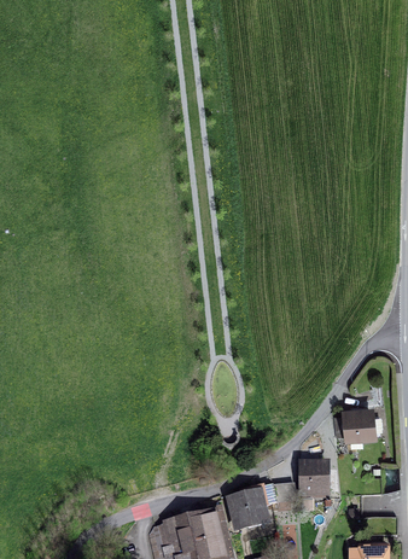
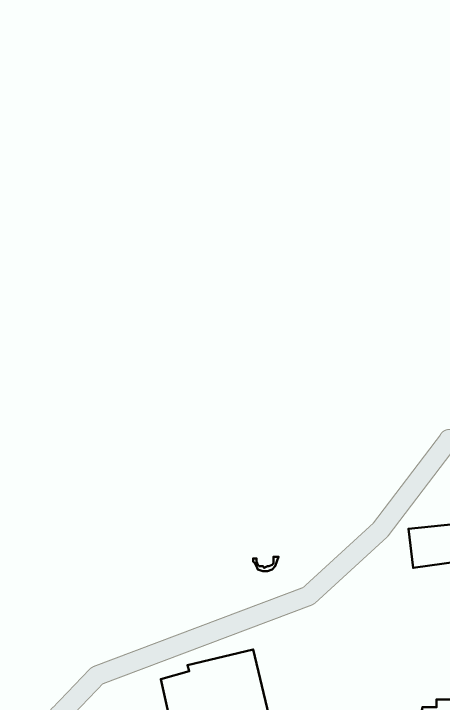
building: [302,466,324,499] -> none
building: [227,490,270,532] -> none

